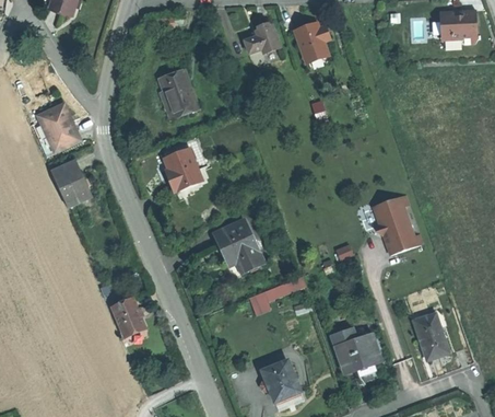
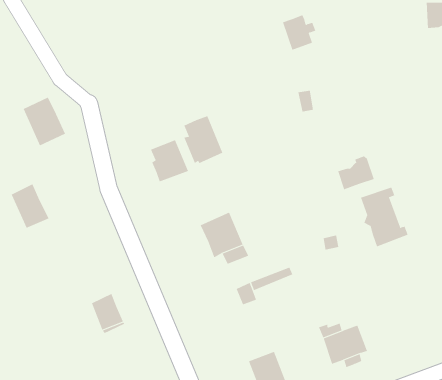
building: [245,24,281,53] -> none
building: [160,70,199,118] -> [184,116,223,164]
building: [51,163,90,208] -> [11,183,49,228]
building: none -> [338,155,374,190]
building: [413,313,448,360] -> none

